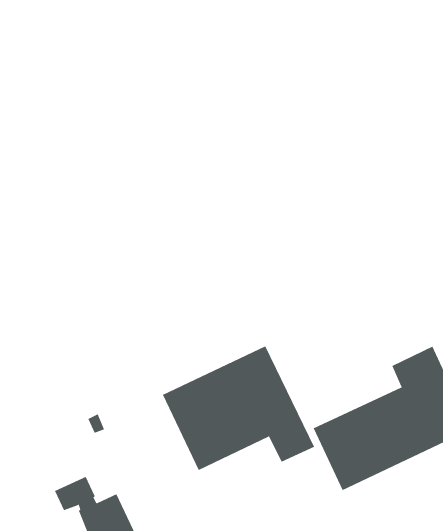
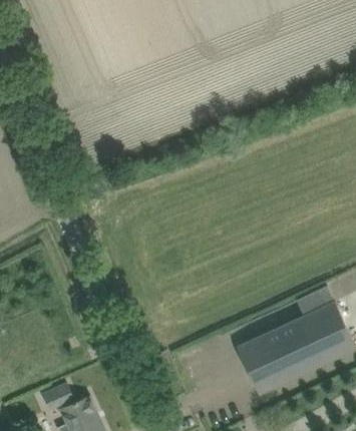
building: [162,346,315,471] -> none

